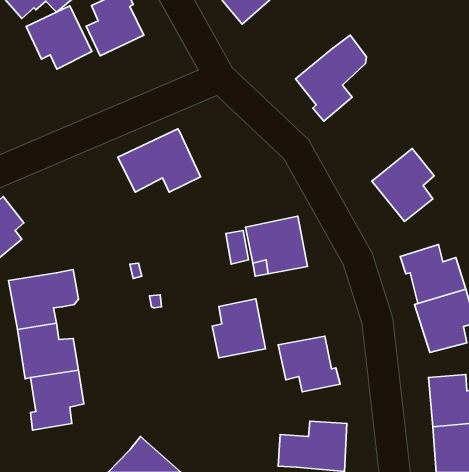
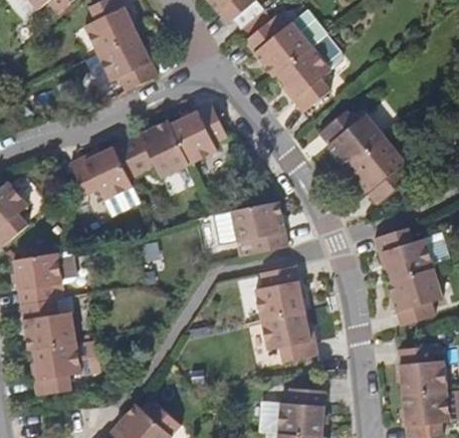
building: [26,6,92,69] -> [97,33,158,91]
building: none -> [245,8,327,76]
building: none -> [171,103,226,164]
building: none -> [319,112,385,168]
building: none -> [71,146,133,200]
building: [212,299,266,358] -> [255,264,304,318]

